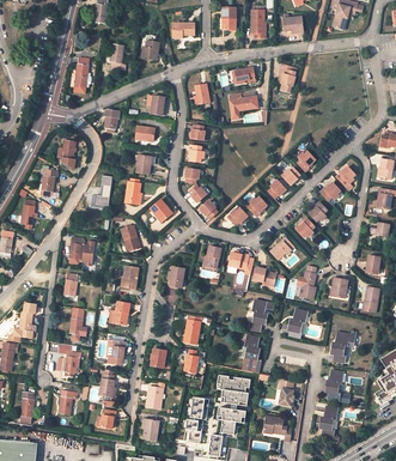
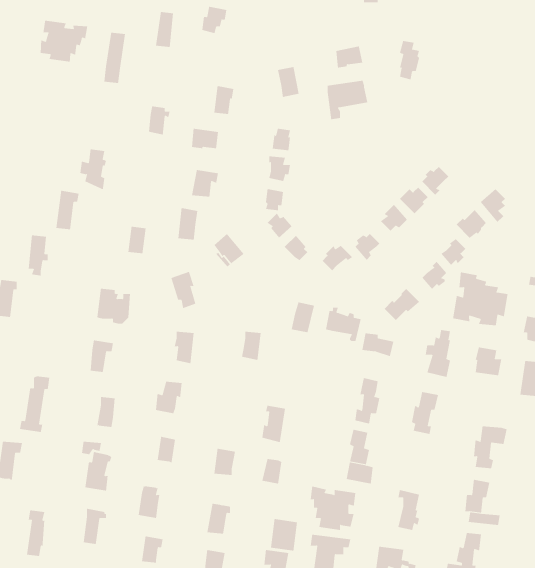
building: none -> [40,20,88,63]
building: none -> [452,271,508,326]

